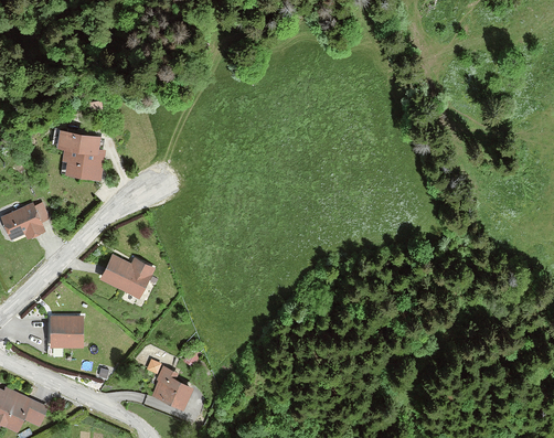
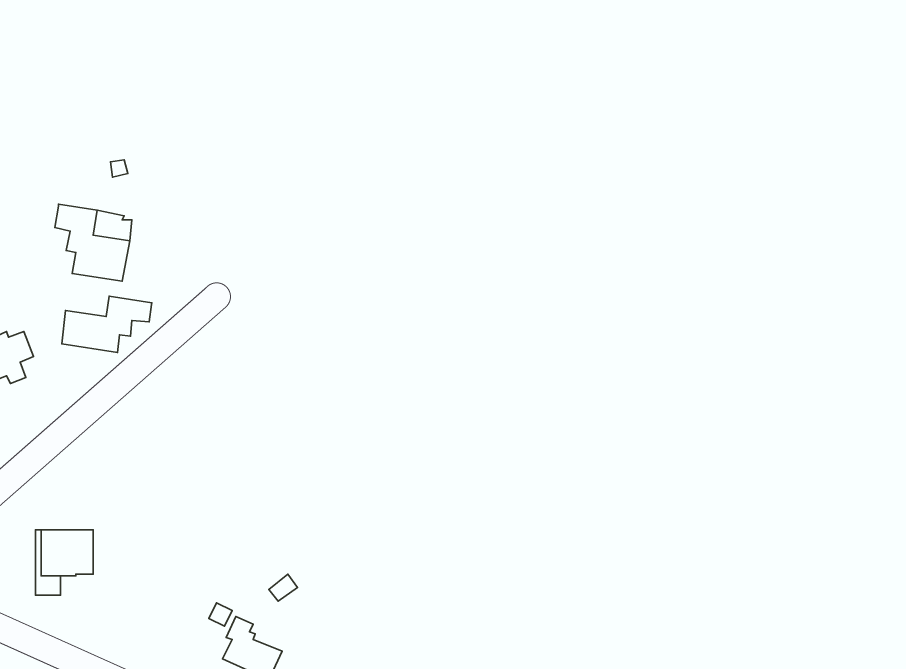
building: none -> [62,296,152,352]
building: [103,257,153,297] -> none

